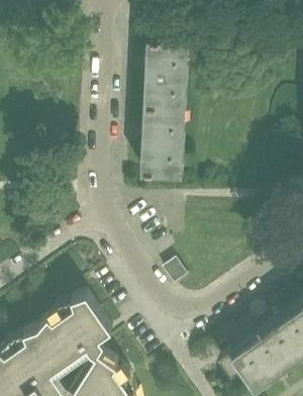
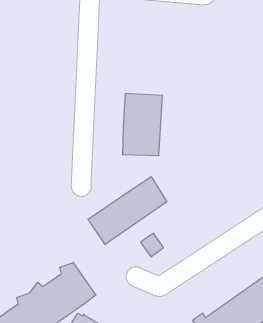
building: [143,43,188,112] -> none
building: none -> [88,176,167,245]

